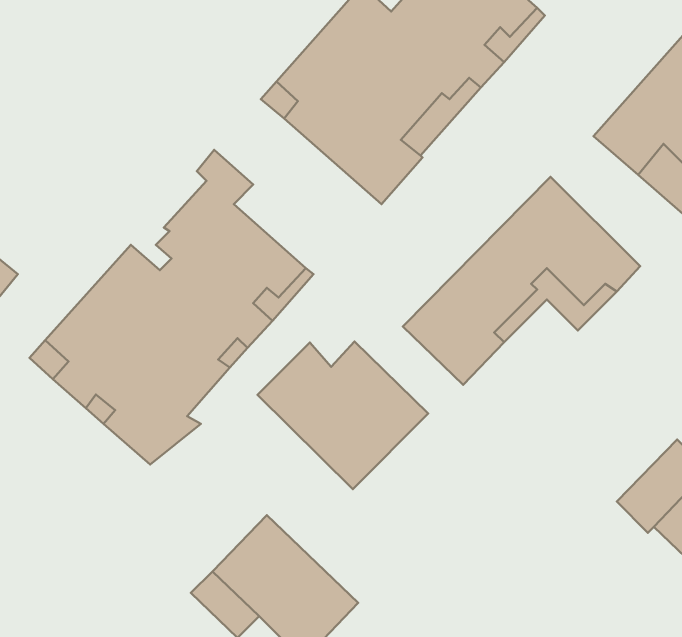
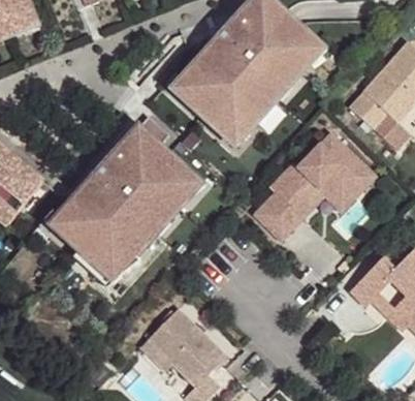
building: [257,342,428,489] -> none

